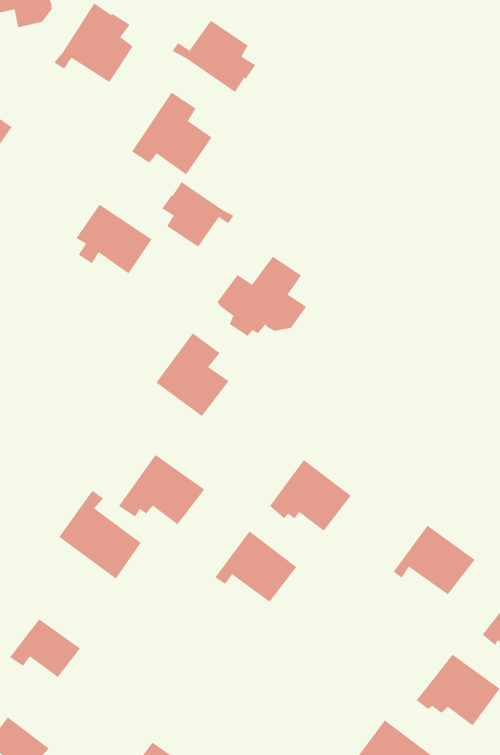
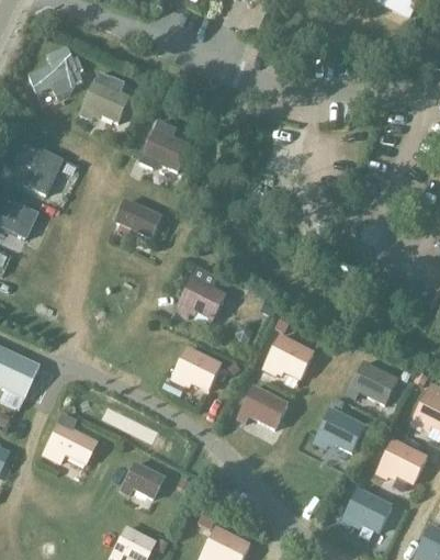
building: [172,20,256,93] -> none
building: [161,181,234,248] -> none
building: [217,256,307,337] -> none
building: [58,490,141,580] -> none
building: none -> [314,407,364,450]

